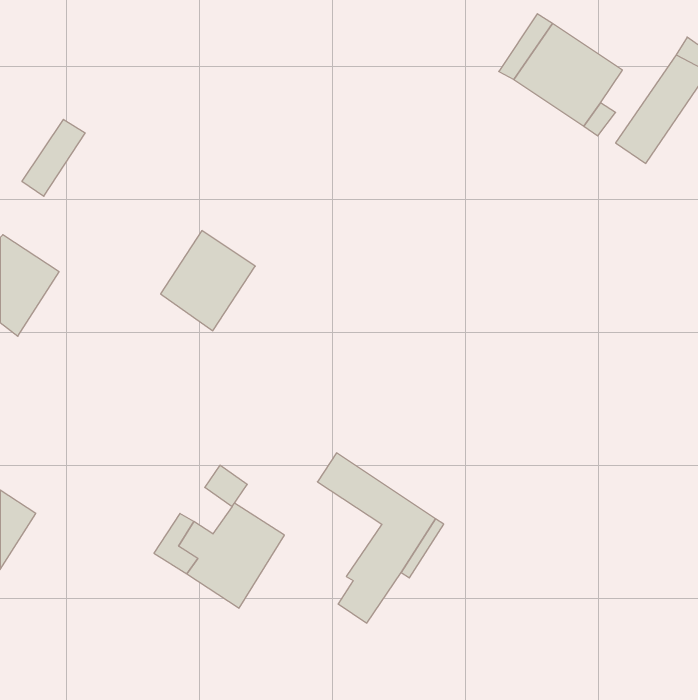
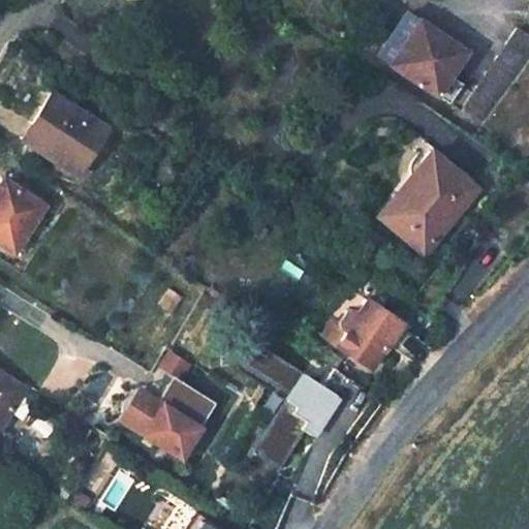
building: none -> [378,151,479,255]
building: [161,231,255,331] -> [36,101,107,177]
building: none -> [321,300,402,371]

